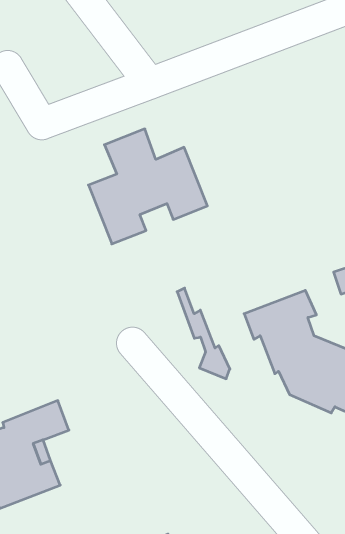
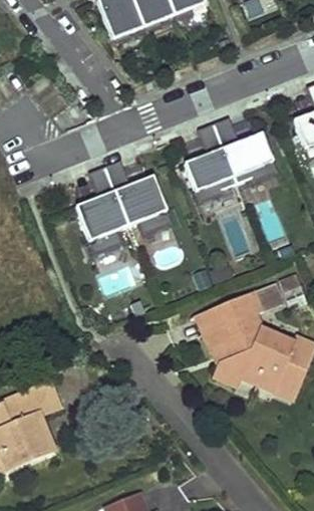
building: none -> [185,116,278,202]
building: [177,288,230,379] -> [197,310,240,385]

